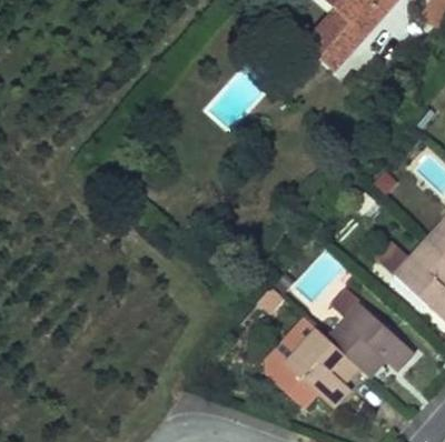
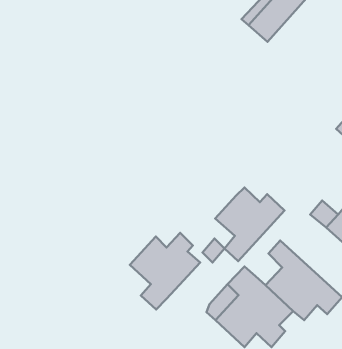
building: none -> [215,188,285,261]
building: none -> [130,233,200,310]

